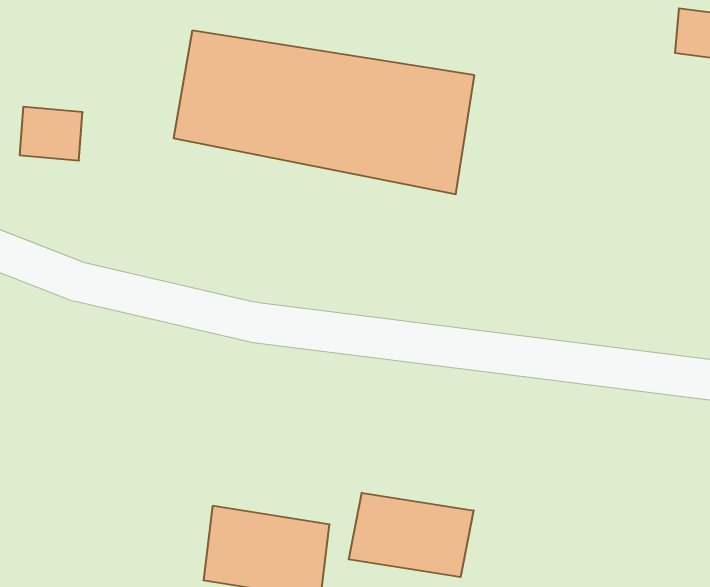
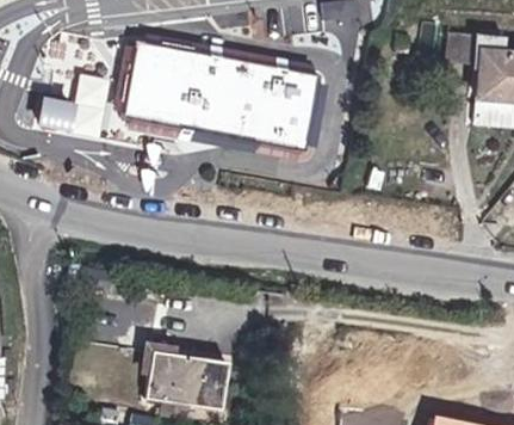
building: none -> [70,72,107,133]
building: [349,493,474,577] -> none

